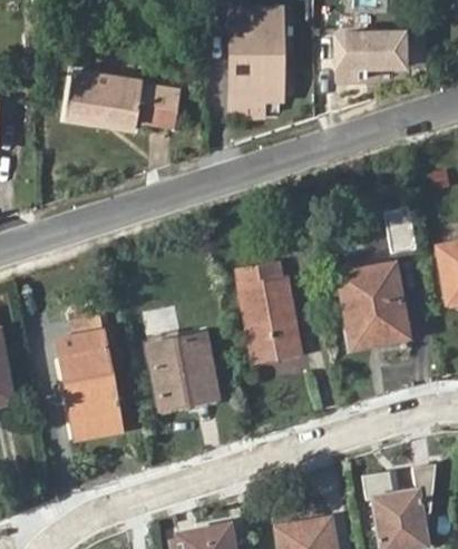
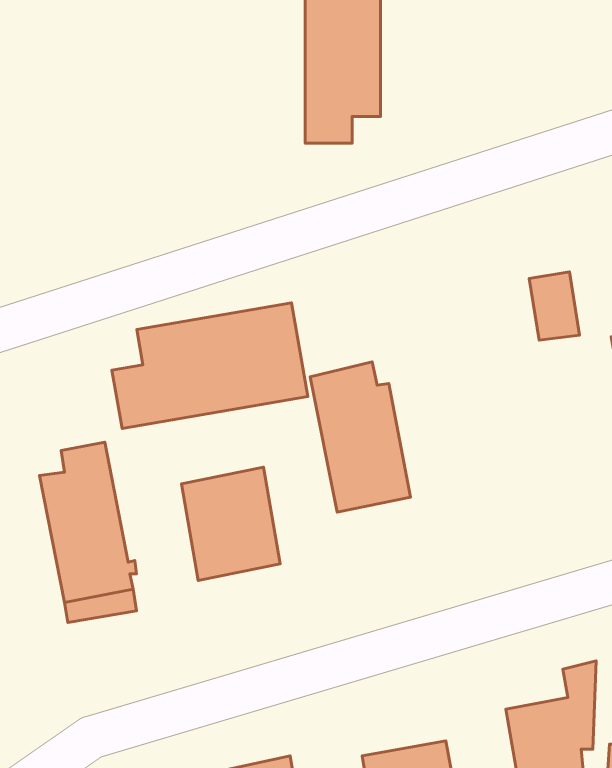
building: [338,33,429,77] -> none
building: [66,71,183,133] -> none
building: none -> [112,303,308,428]
building: [335,265,406,349] -> none

